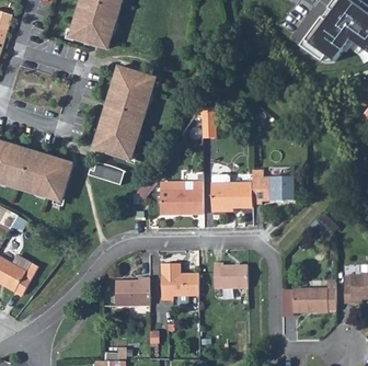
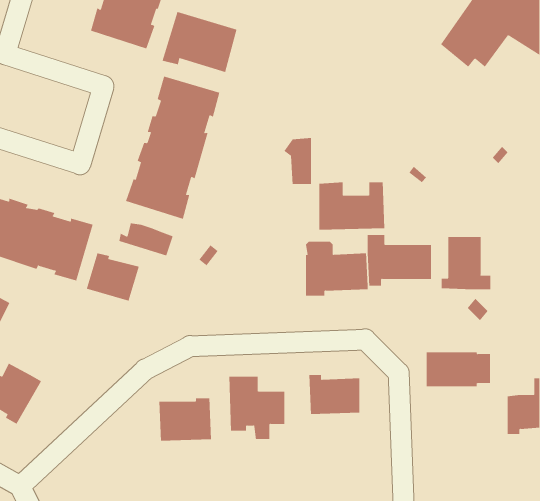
building: none -> [162,11,237,73]
building: none -> [441,236,491,290]
building: none -> [86,252,140,301]
building: [159,182,203,214] -> [318,182,385,230]
building: [292,288,335,311] -> [426,352,491,387]

